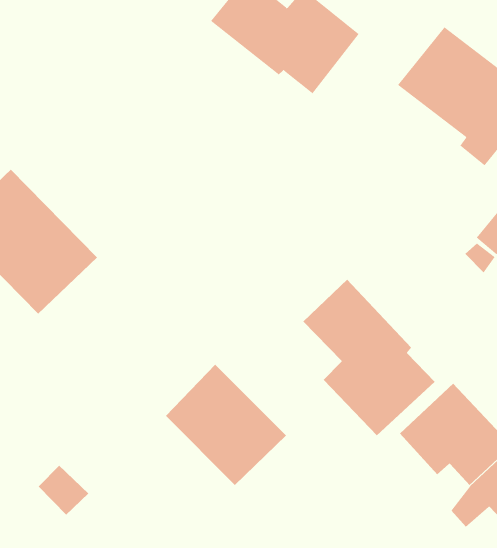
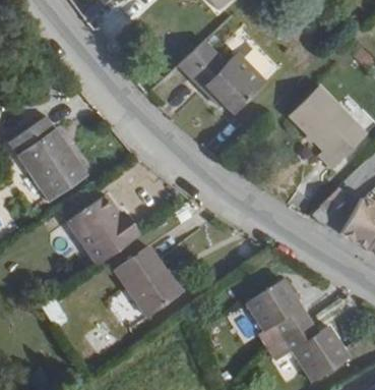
building: [302,279,436,436] -> none
building: none -> [68,197,140,267]

